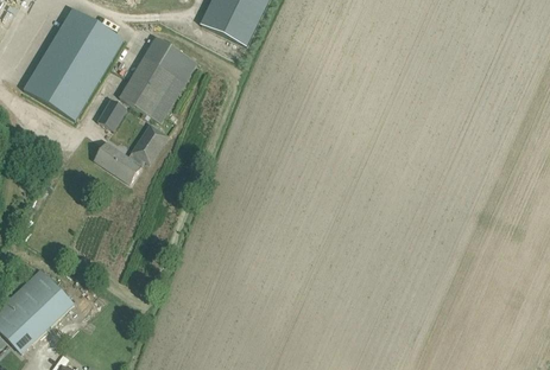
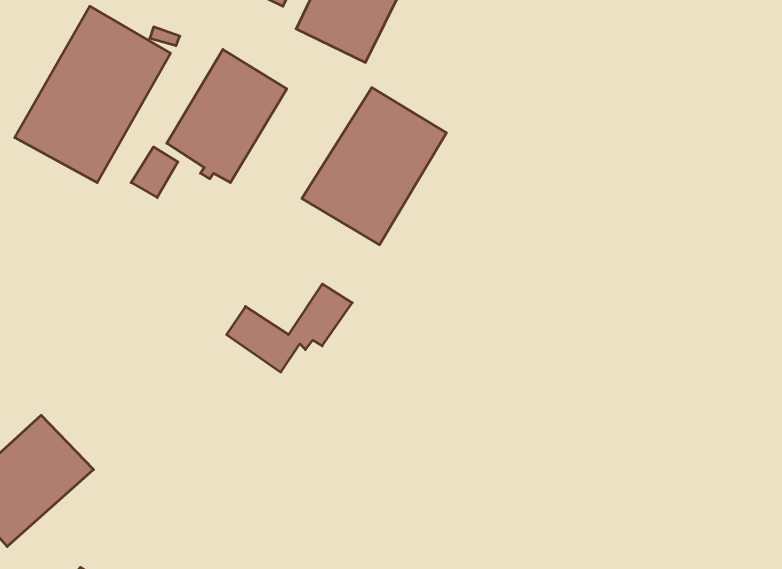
building: none -> [302,88,446,245]
building: [94,127,173,183] -> [227,284,352,372]

